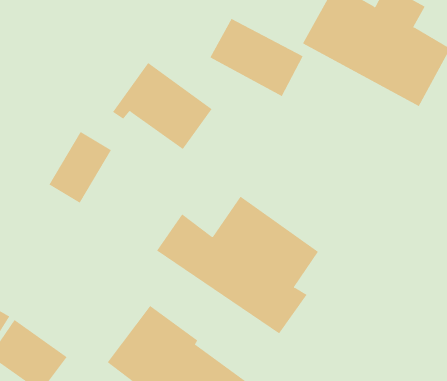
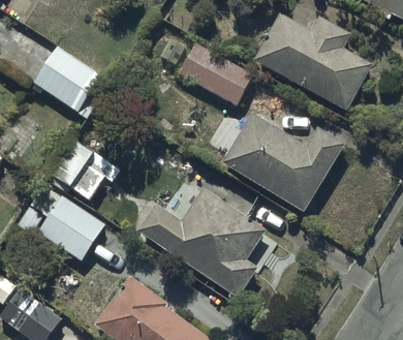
building: [112,62,212,150] -> [28,45,110,117]
building: none -> [221,112,348,213]
building: none -> [14,184,106,260]

